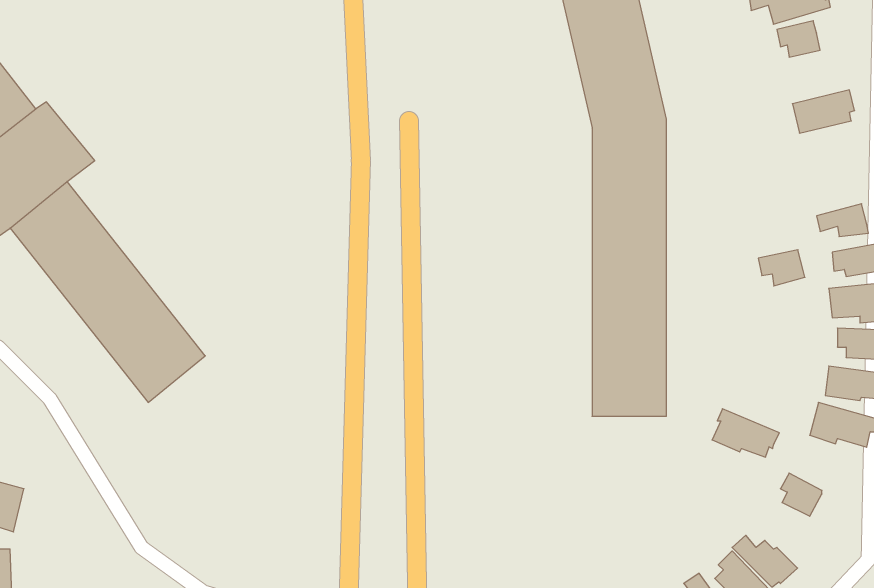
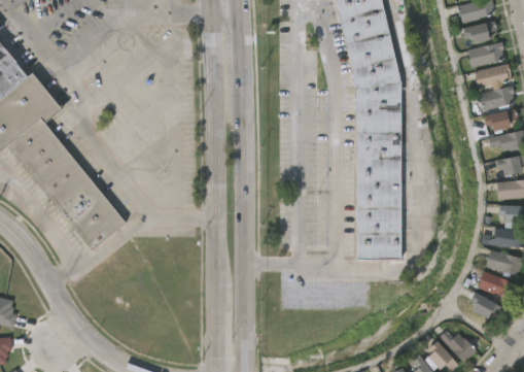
building: none -> [468,40,505,67]
building: none -> [478,84,518,111]
building: [758,250,805,286] -> [485,110,513,132]
building: [712,409,779,457] -> [475,269,515,298]

